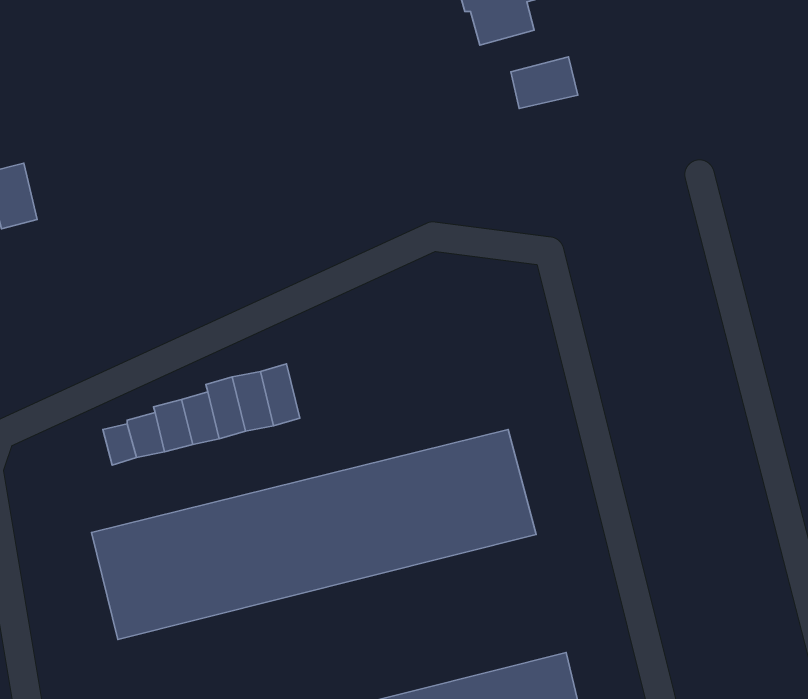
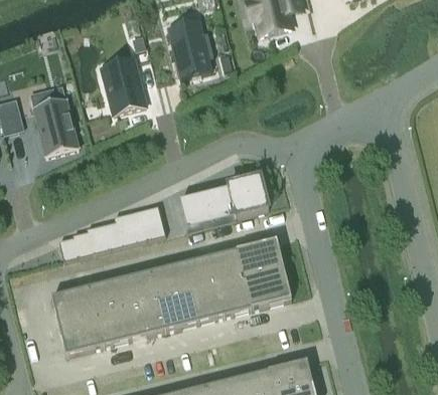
building: none -> [167,19,212,76]
building: [511,57,578,109] -> none
building: none -> [98,55,148,116]
building: none -> [30,84,79,154]
building: none -> [180,176,270,228]

